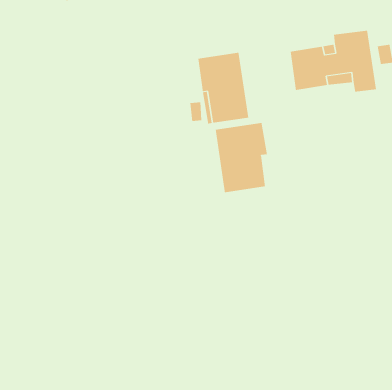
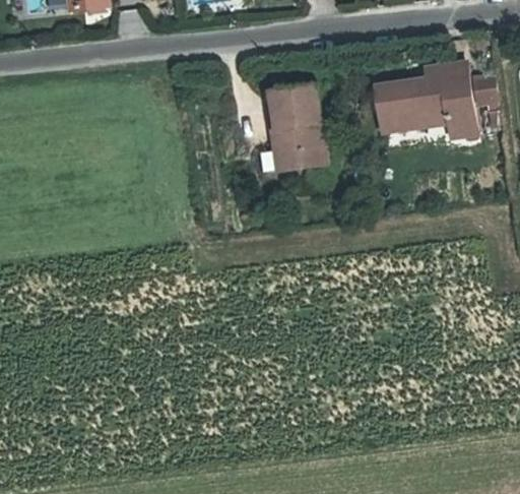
building: [215,122,268,193] -> none

